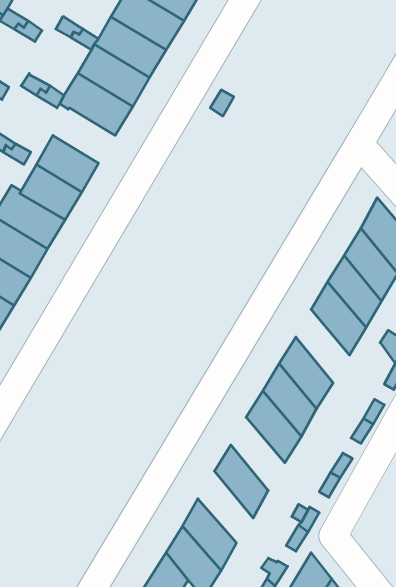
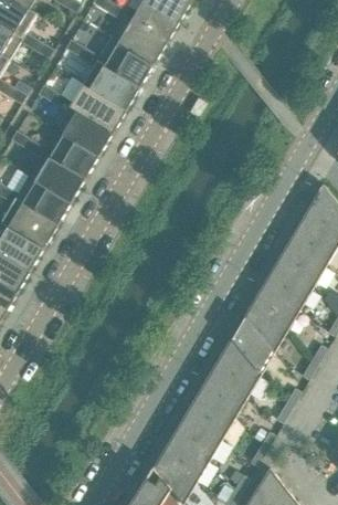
building: none -> [62,112,112,156]
building: none -> [256,273,299,332]
building: none -> [204,359,247,418]
building: none -> [178,402,222,460]

